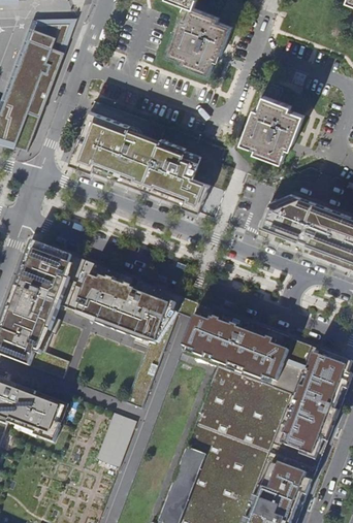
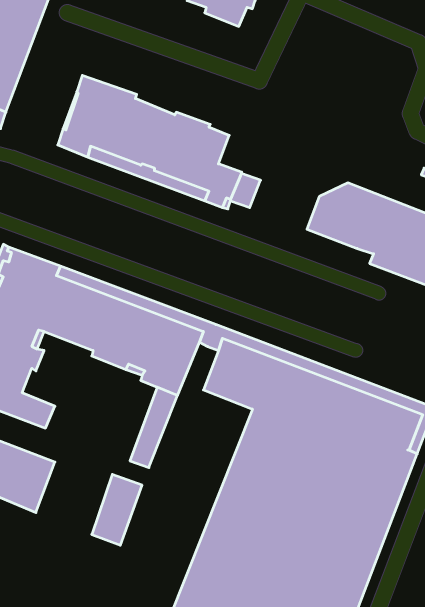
building: [242,84,303,162] -> none

